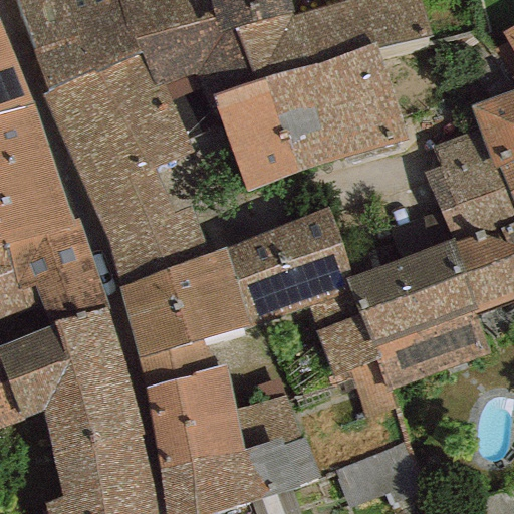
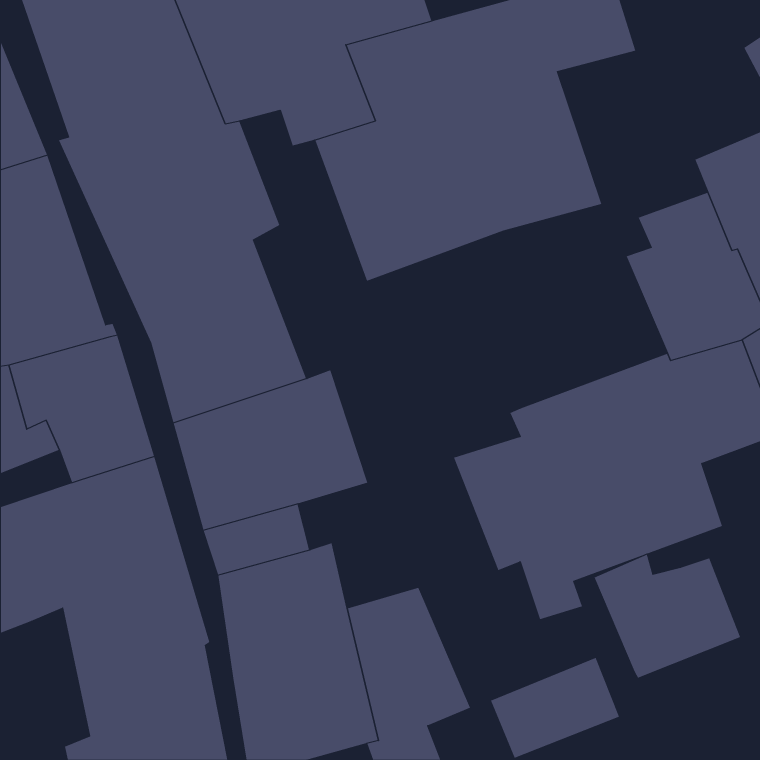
building: [224,207,351,325] -> none
building: none -> [594,554,741,679]

